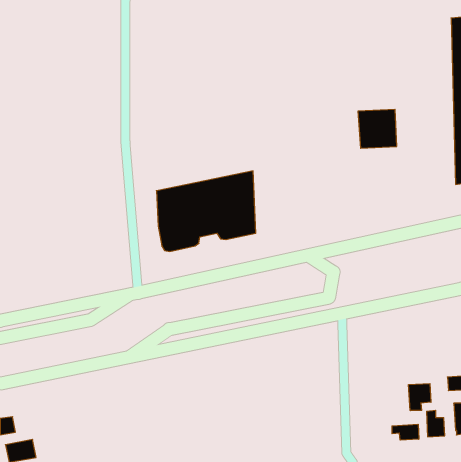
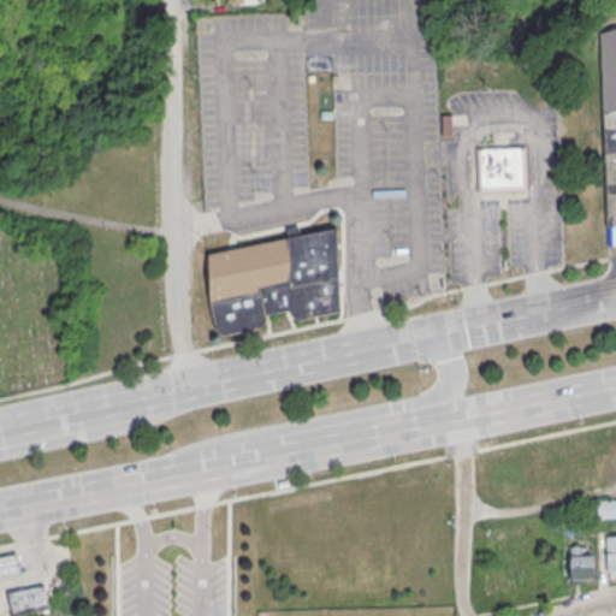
building: [409,384,431,411] -> none
building: [392,424,419,440] -> none

